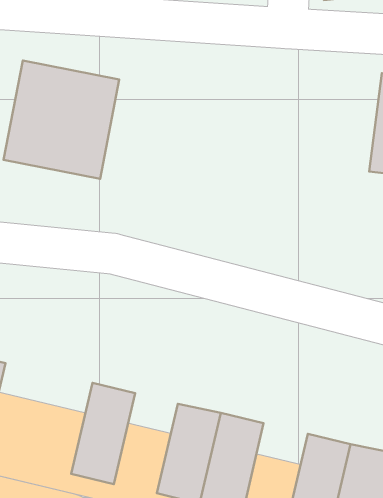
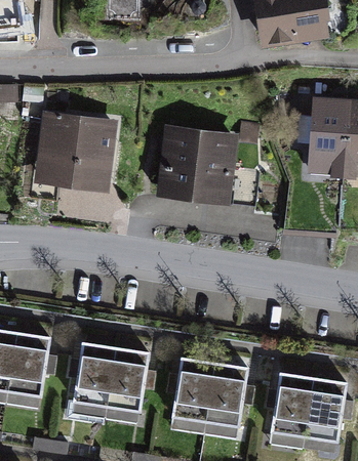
building: none -> [156,118,239,202]
building: none -> [72,342,115,417]

